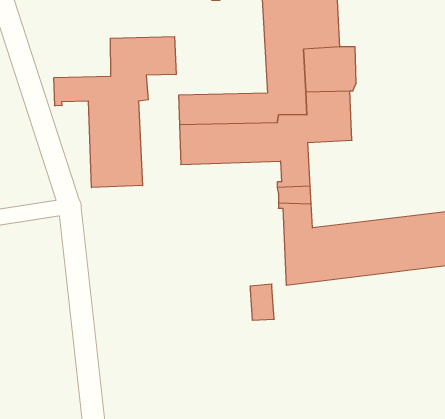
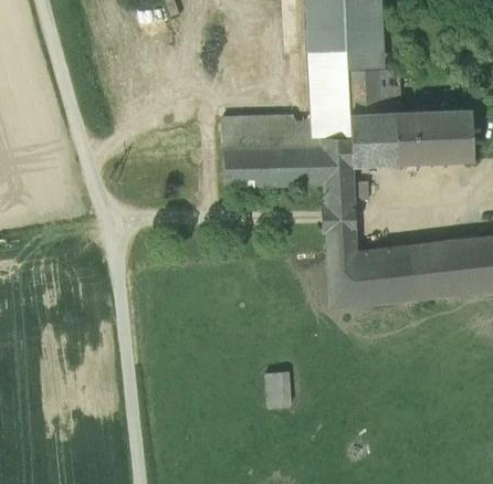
building: [54,37,176,188] -> none
building: none -> [395,111,474,164]
building: [250,284,274,320] -> [266,372,291,409]

